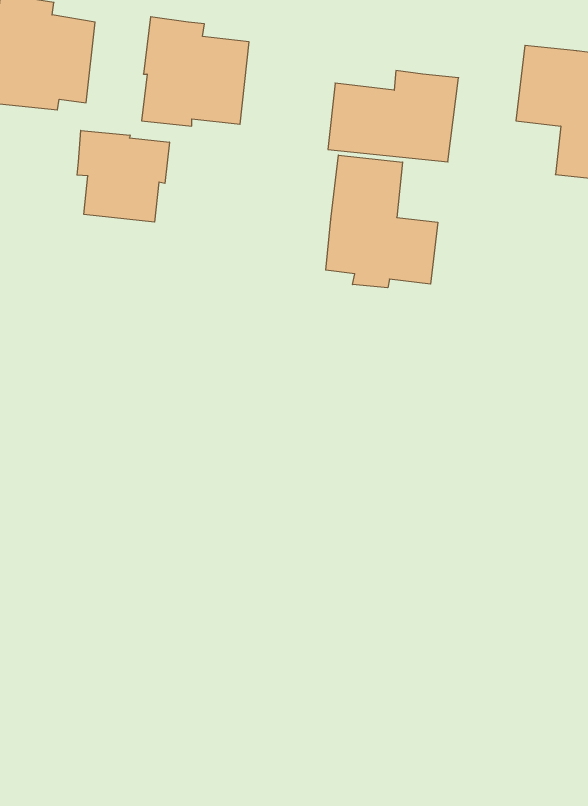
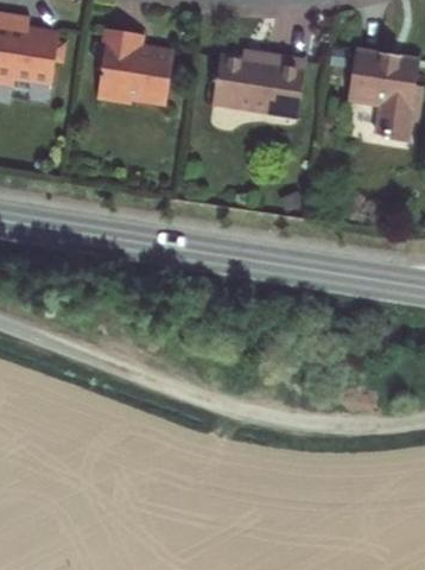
building: [77,130,169,222] -> none
building: [326,155,438,288] -> none

